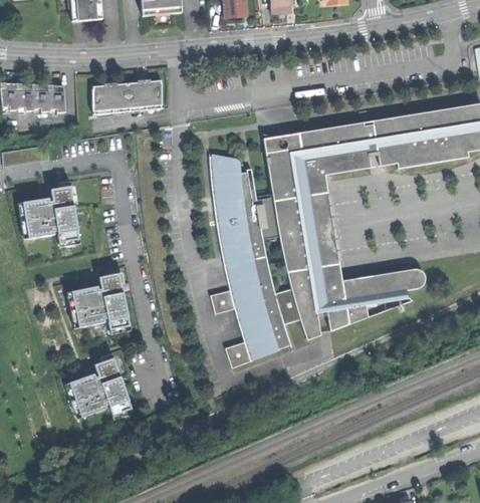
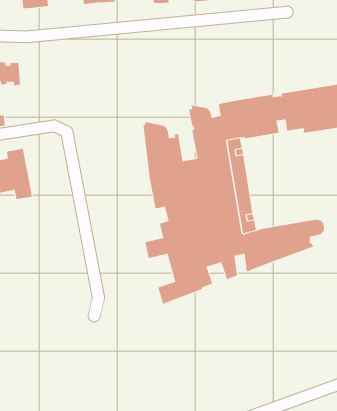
building: [92,79,163,110] -> none
building: [68,272,132,332] -> none
building: [69,357,135,419] -> none

